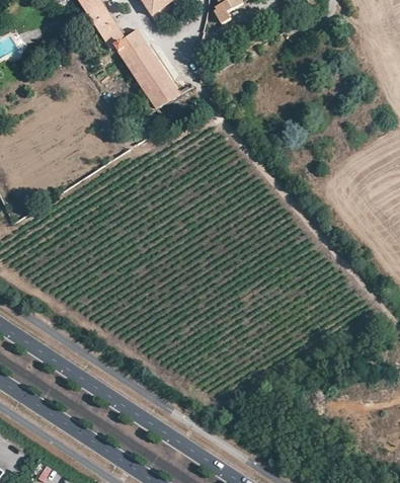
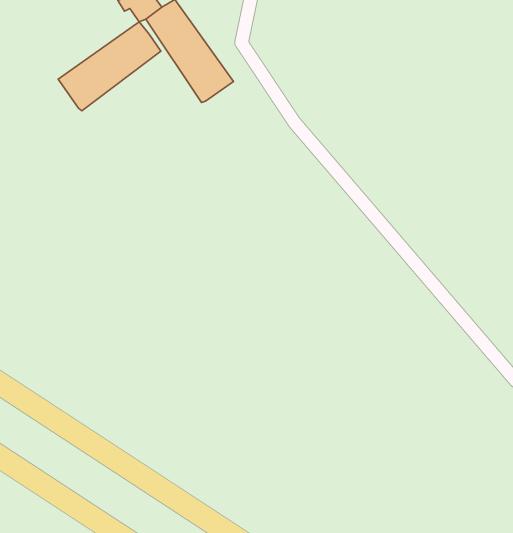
building: none -> [58,22,161,111]

